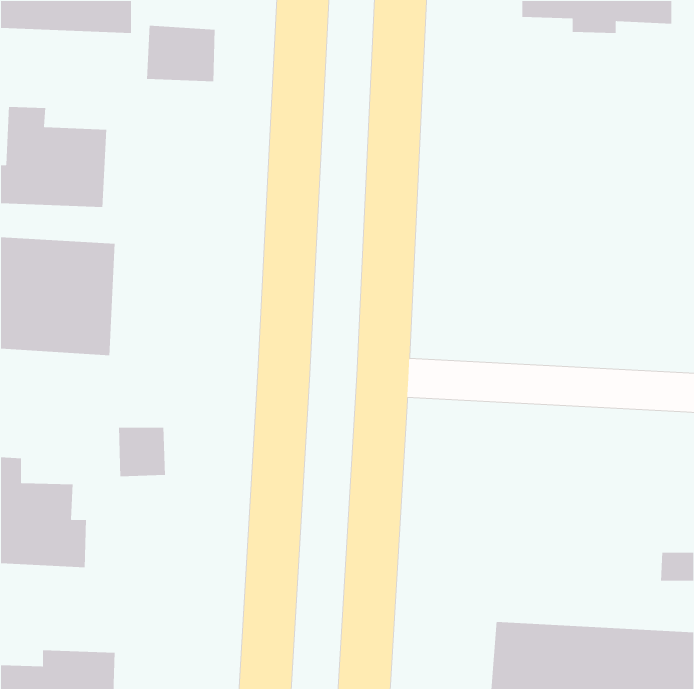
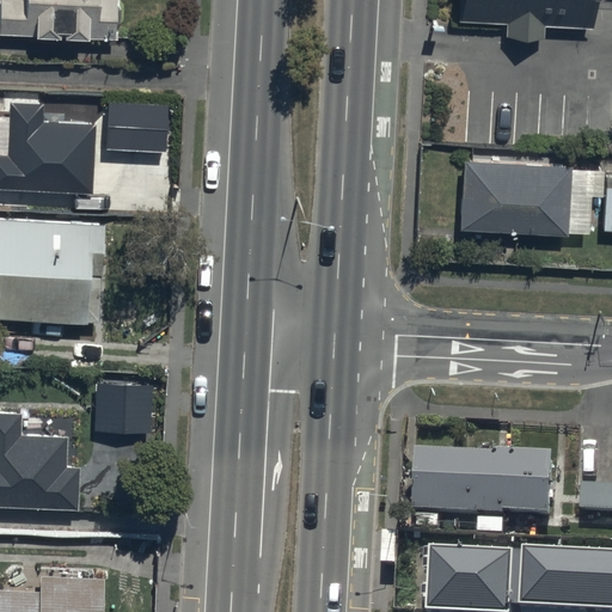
building: [146,25,215,82] -> [104,97,165,147]
building: none -> [453,159,568,237]
building: none -> [415,457,552,521]

